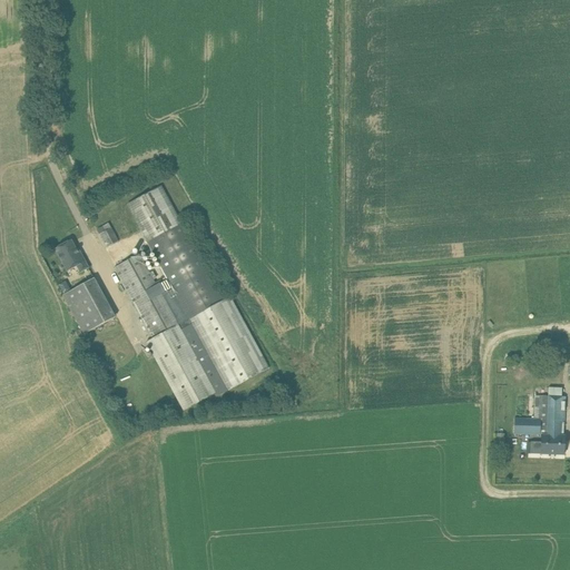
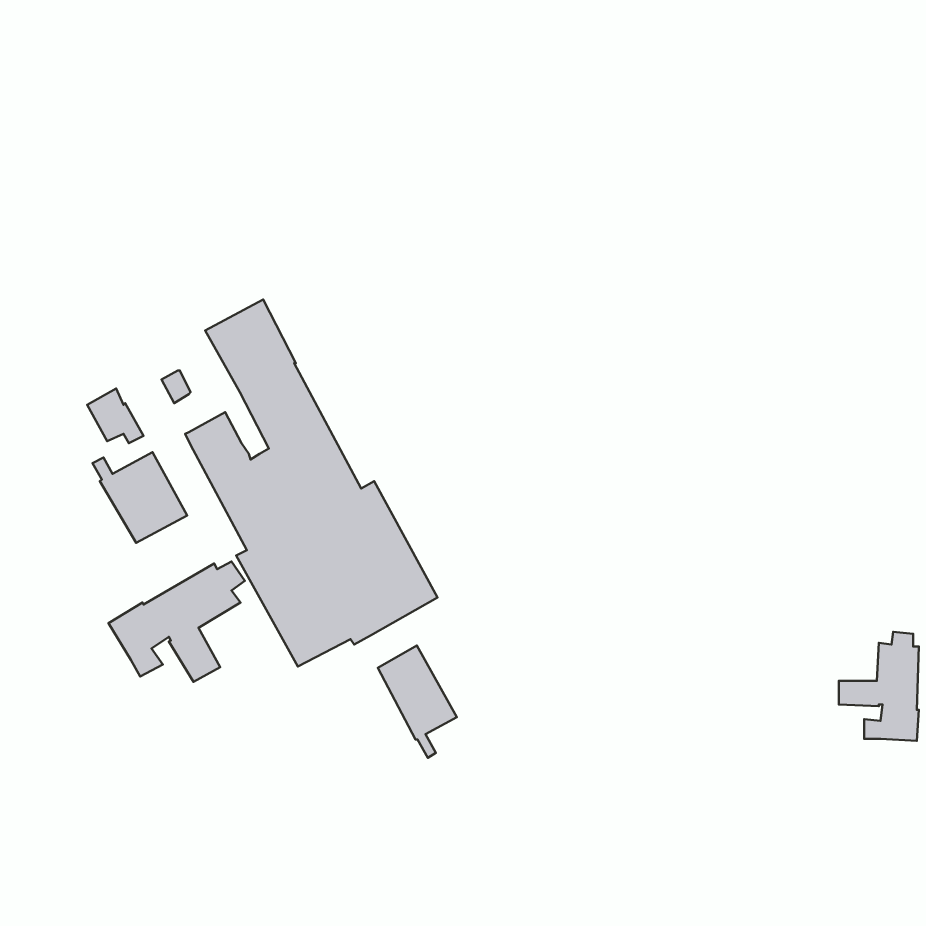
building: none -> [109,561,245,682]
building: none -> [378,646,457,758]

